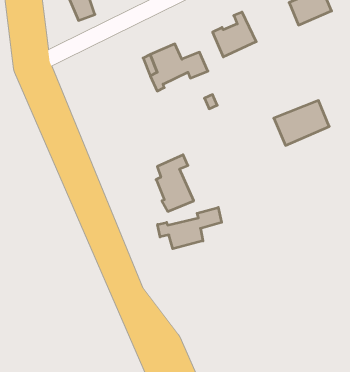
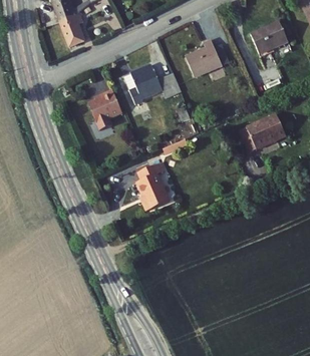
building: none -> [86,88,121,129]
building: [158,207,222,249] -> none

